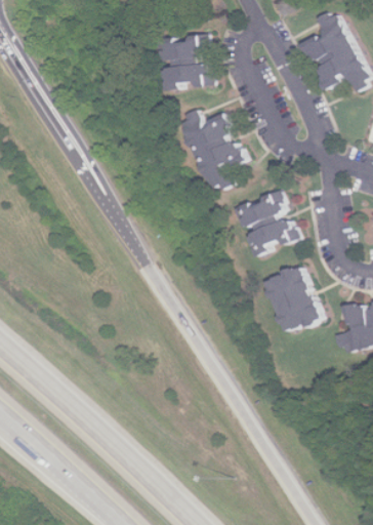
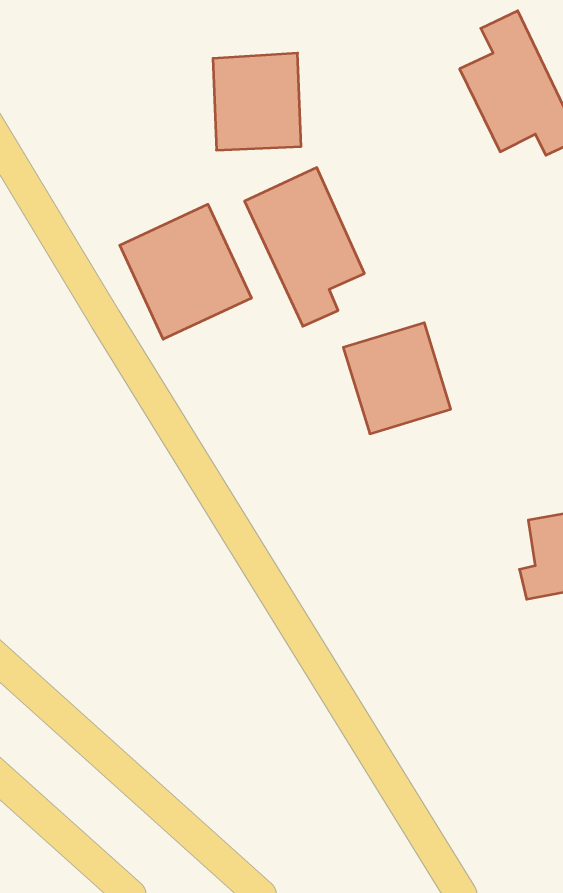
building: none -> [120,204,251,339]
building: [264,265,323,333] -> none

